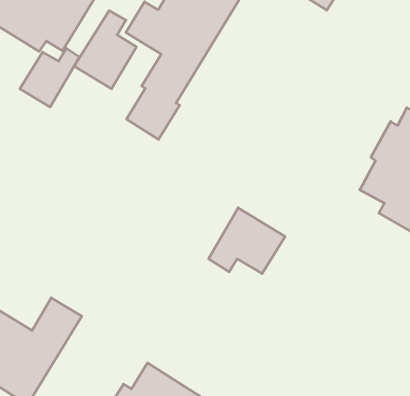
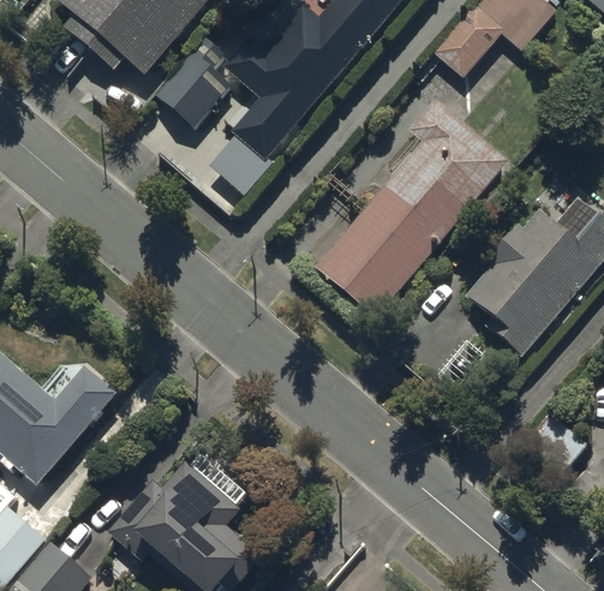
building: none -> [316,95,512,316]
building: [20,48,80,107] -> none
building: [209,208,285,274] -> none

